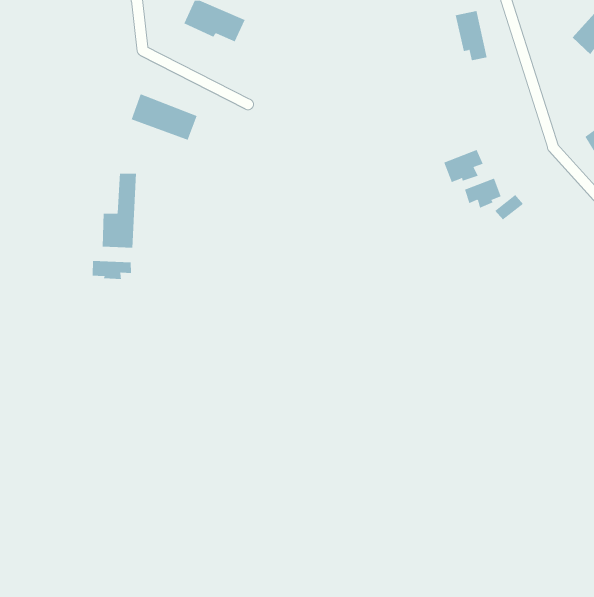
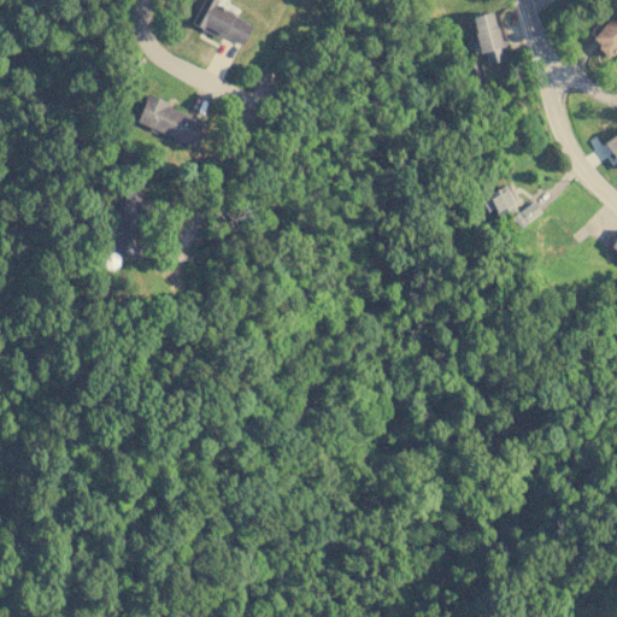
building: [443,149,484,183] -> none
building: [92,260,131,280] -> none

